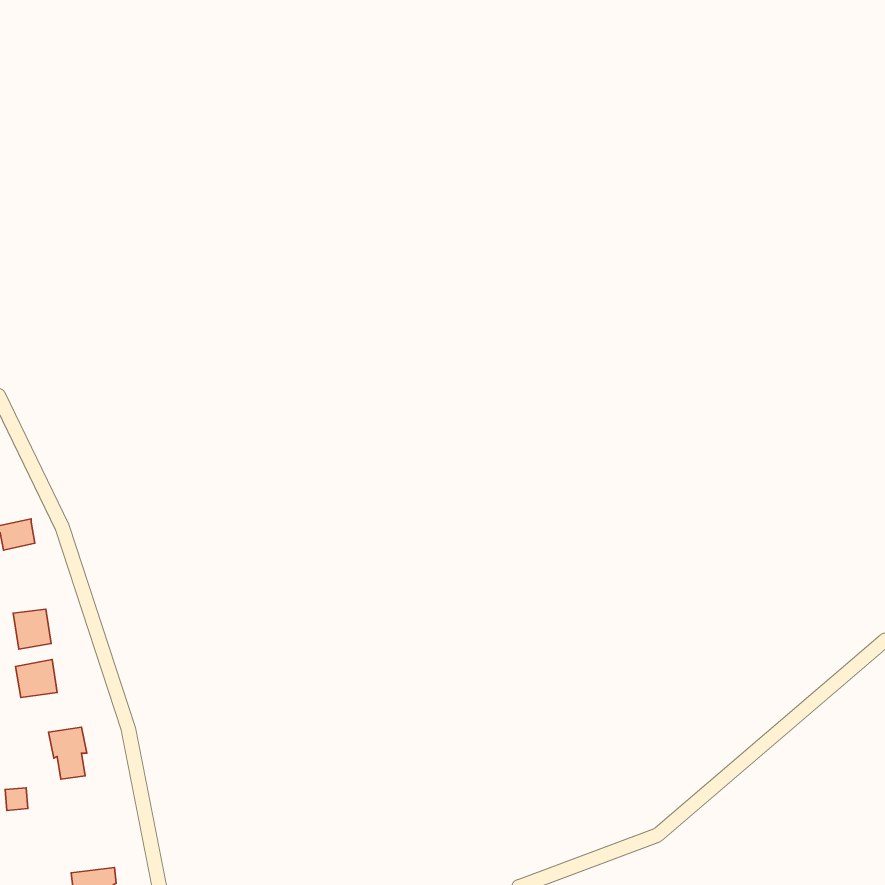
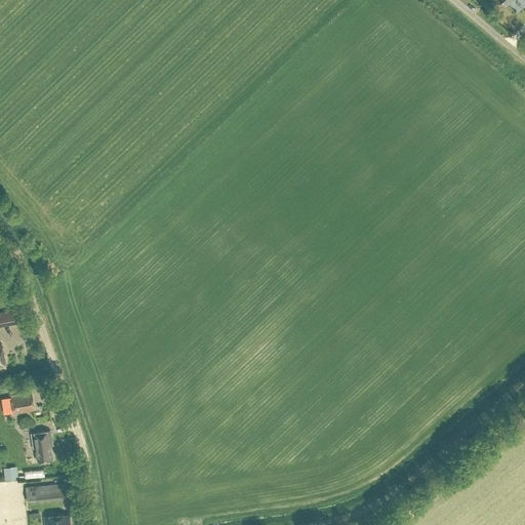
building: [13,609,51,649] -> none
building: none -> [25,483,66,502]

